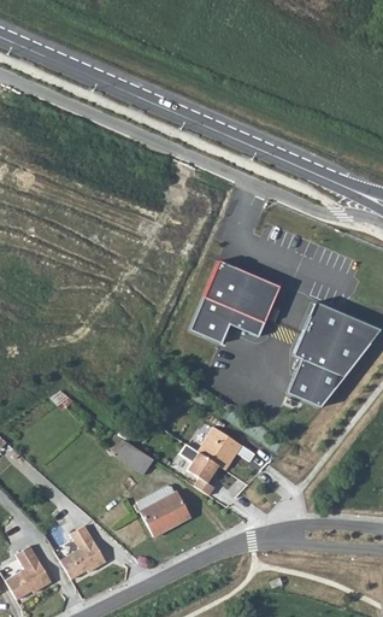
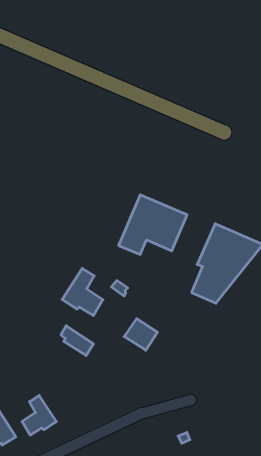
building: none -> [62,268,103,316]
building: [178,445,218,494] -> none
building: [139,484,190,535] -> none

